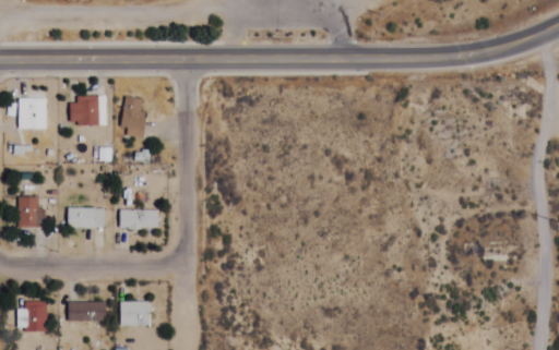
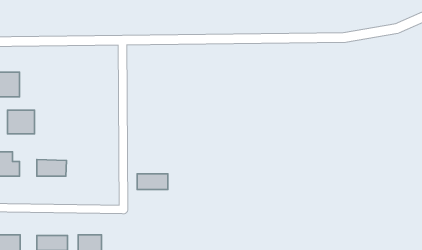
building: [72,95,106,124] -> [7,110,35,134]
building: [121,96,147,135] -> none
building: [119,208,157,228] -> [137,174,168,190]

